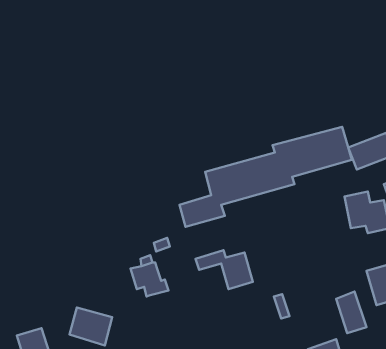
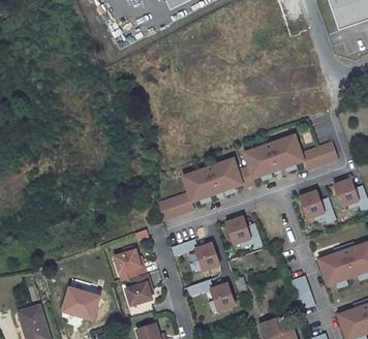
building: none -> [222,215,260,248]
building: none -> [129,272,155,304]
building: none -> [188,279,234,312]

